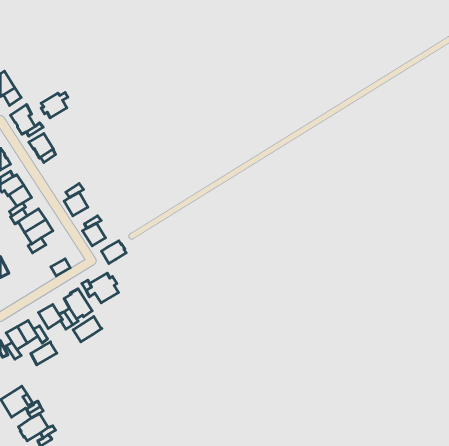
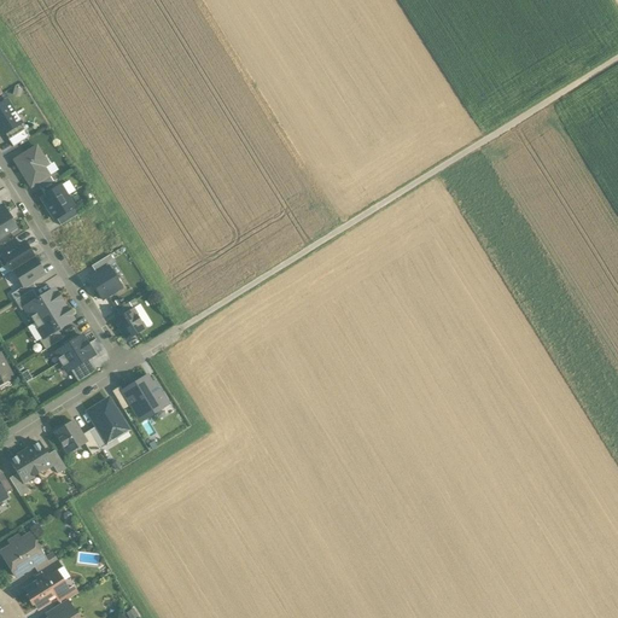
building: [41,93,68,118] -> none
building: [101,241,126,263] -> none
building: none -> [54,333,94,369]
building: [73,317,102,342] -> none
building: [31,342,57,365] -> none

